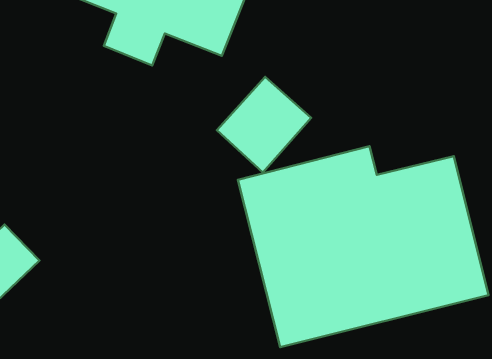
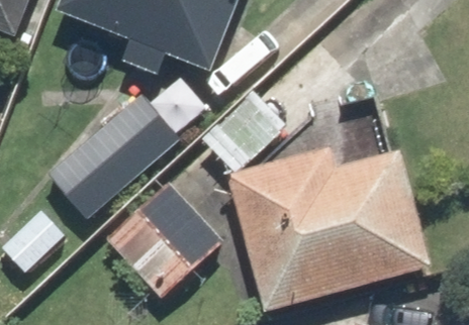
building: none -> [49,89,181,218]
building: none -> [100,174,225,299]

